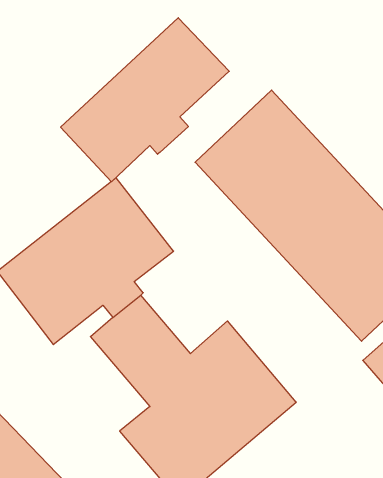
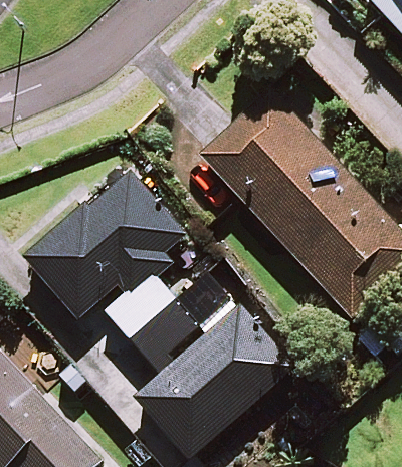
building: [61,18,229,182] -> none

